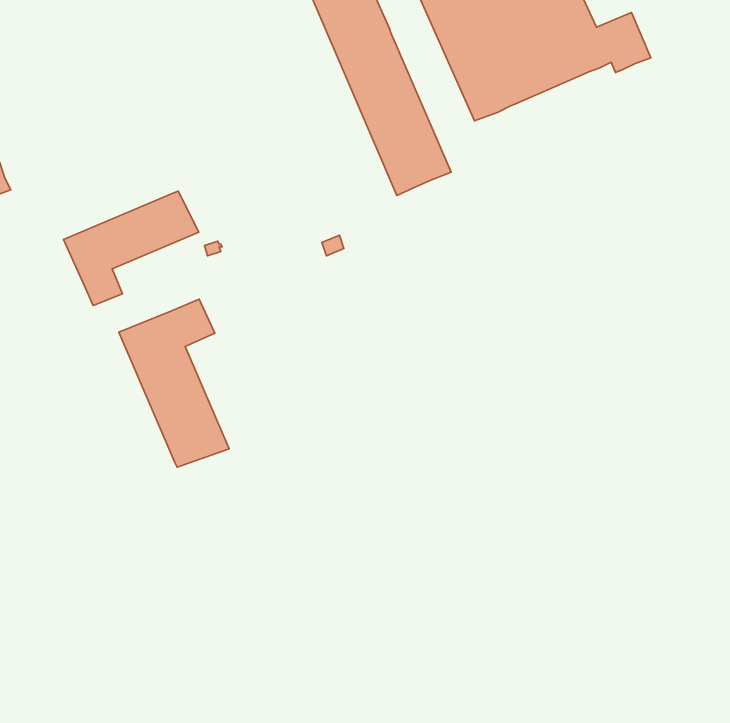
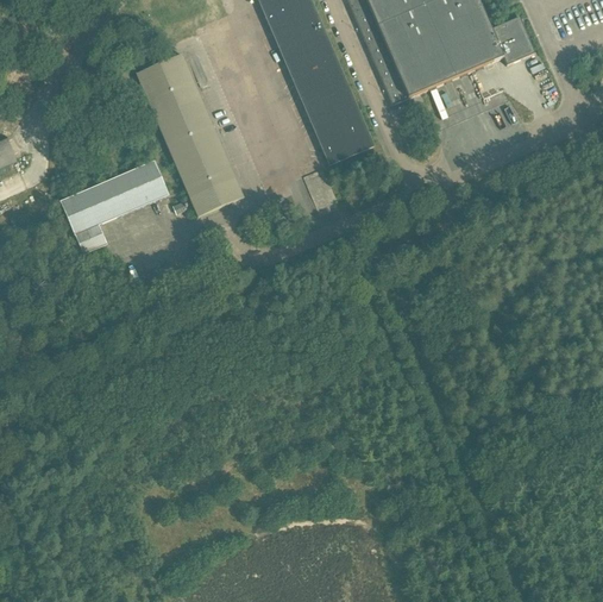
building: none -> [136,54,244,217]
building: [119,299,229,467] -> none

